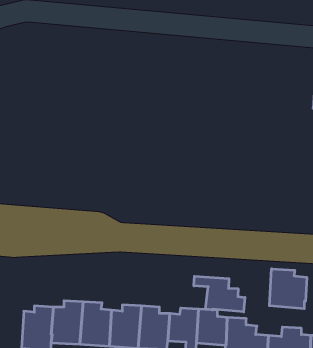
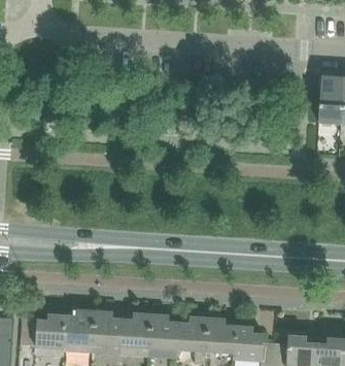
building: [269,269,307,309] -> none
building: [194,276,245,312] -> none

